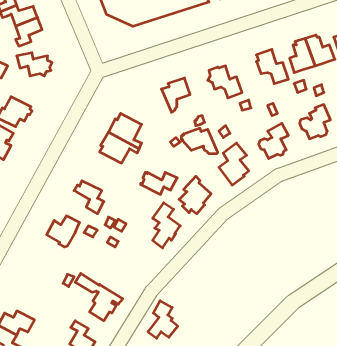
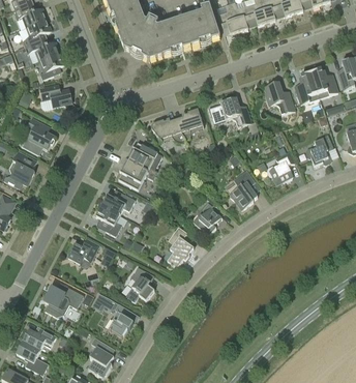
building: [181,128,218,154] -> [151,118,185,142]
building: [141,172,177,194] -> [101,194,136,214]
building: none -> [45,285,84,317]
building: [148,301,178,338] -> [126,266,154,301]

